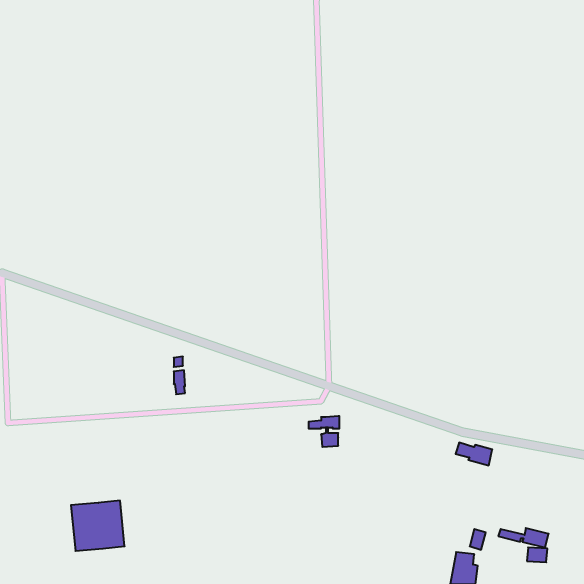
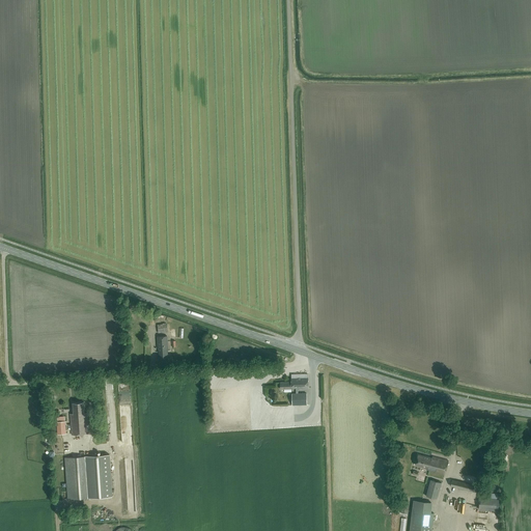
building: [456,443,492,465] -> [415,454,448,475]
building: none -> [71,402,88,435]

